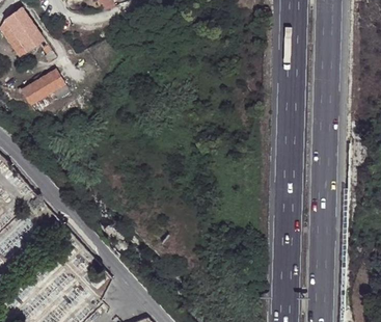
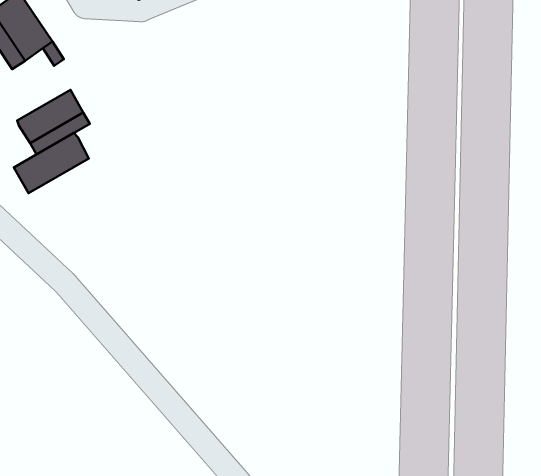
building: none -> [14,133,89,193]

